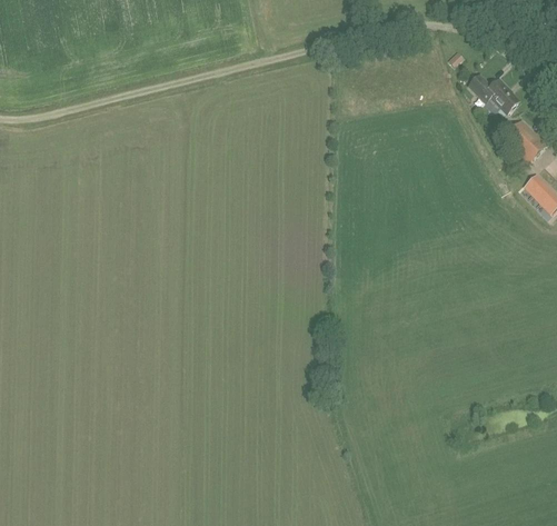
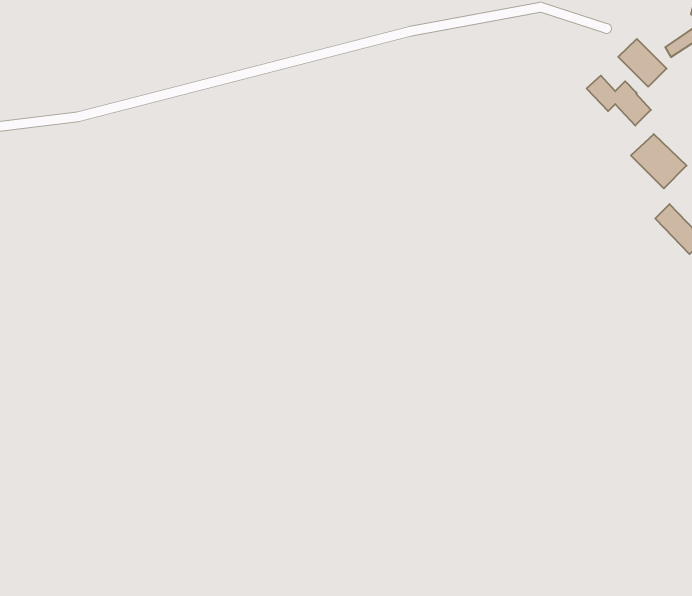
building: none -> [618,39,667,87]

